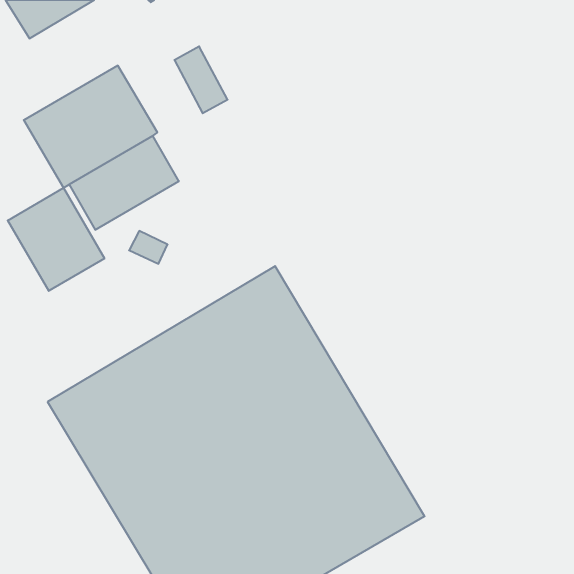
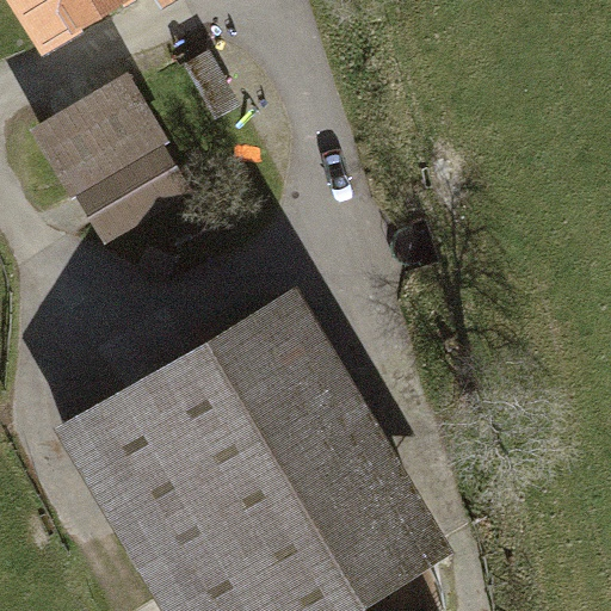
building: [8,188,104,291] -> none

